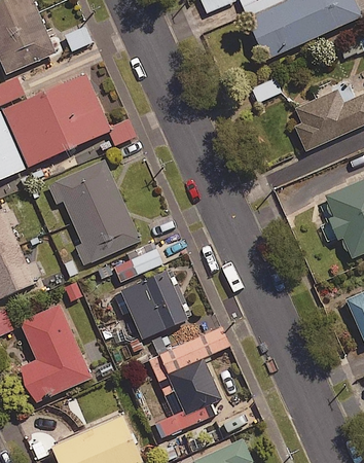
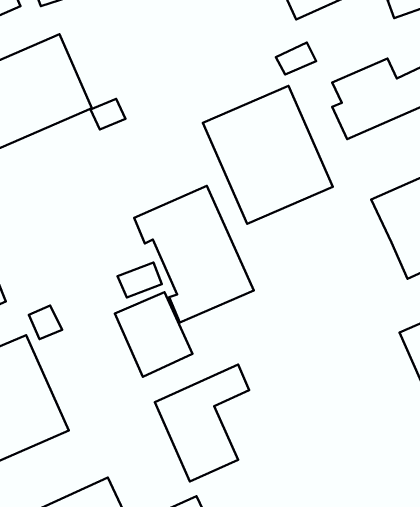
building: none -> [203,86,333,224]
building: [47,158,139,263] -> [134,186,254,323]

